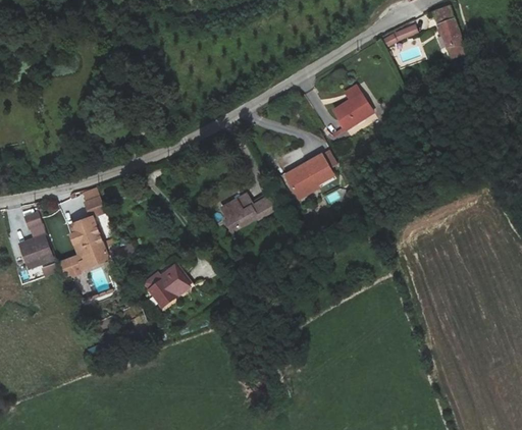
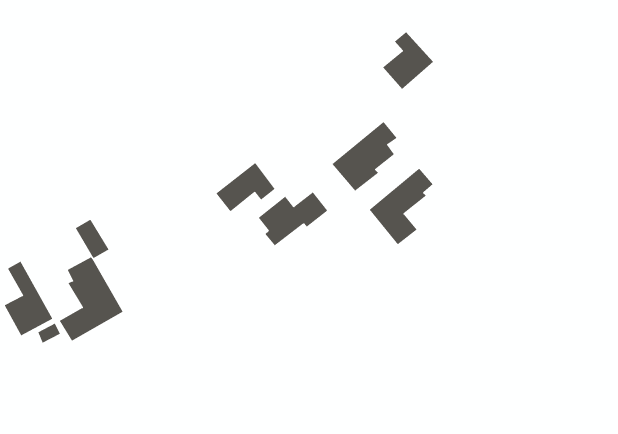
building: none -> [216,162,275,212]
building: none -> [369,168,433,245]
building: [143,263,193,308] -> none

